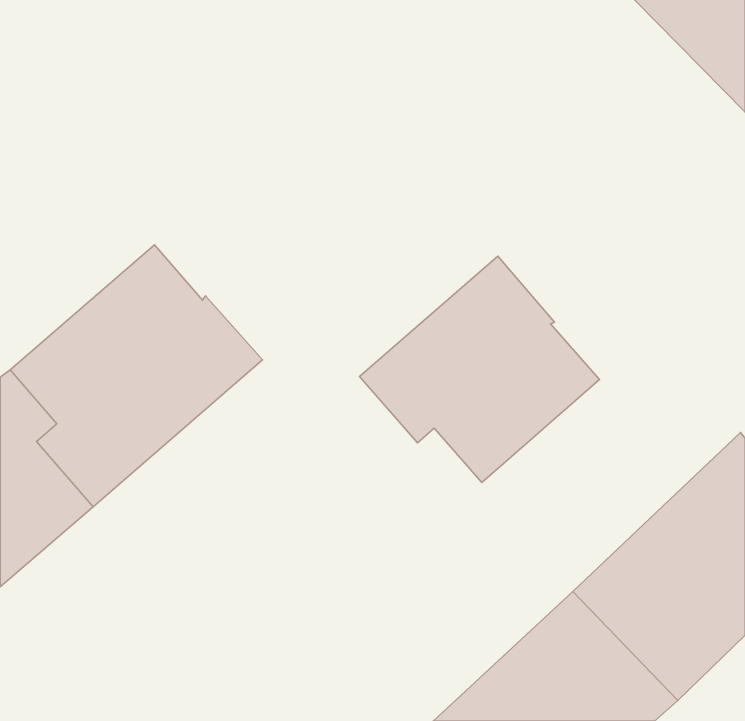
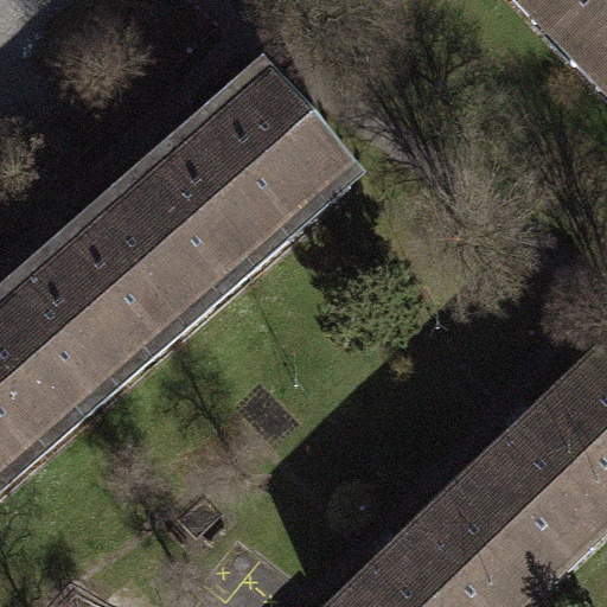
building: none -> [126,76,352,293]
building: [360,256,599,482] -> none

